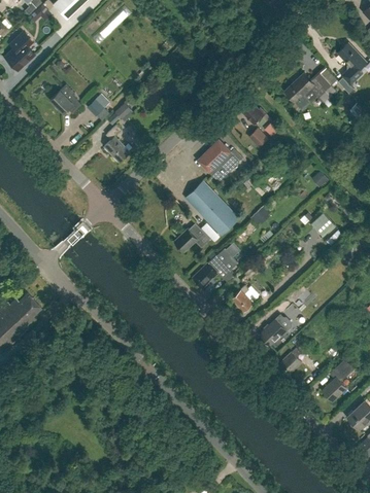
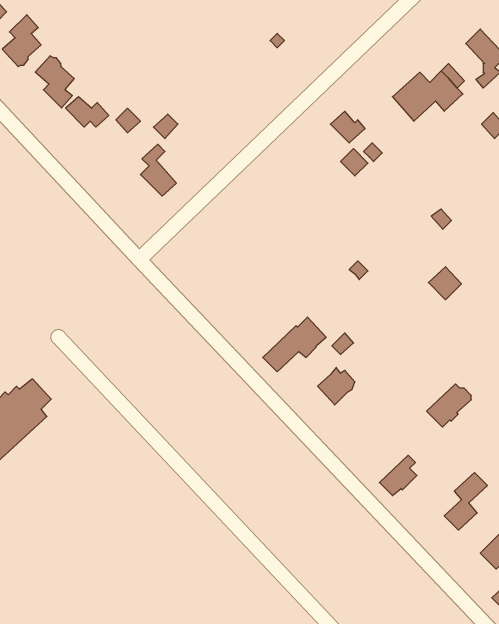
building: none -> [35,56,74,108]
building: [199,140,240,181] -> none
building: [175,181,239,251] -> none
building: [260,314,292,345] -> [427,384,471,427]

